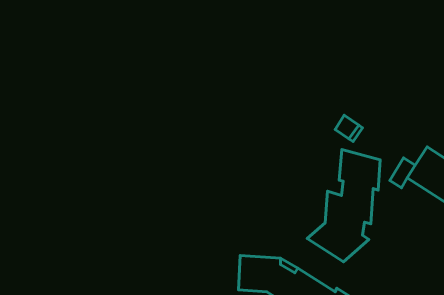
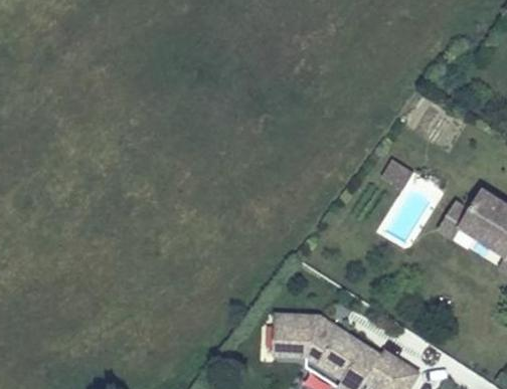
building: [307,150,380,262] -> none

